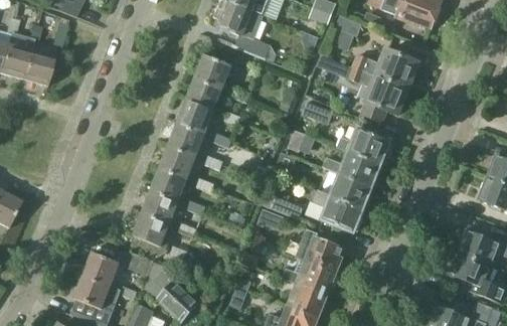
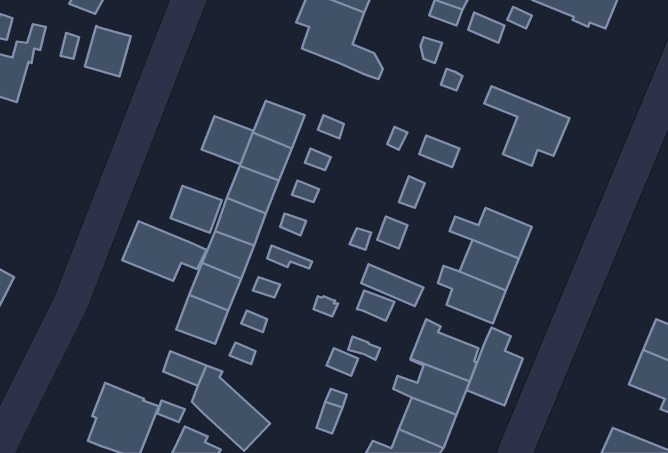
building: [352,48,417,89] -> none
building: [22,49,54,85] -> [85,26,131,77]
building: [195,53,231,87] -> [201,116,253,164]
building: [336,127,389,164] -> none
building: none -> [171,186,222,233]
building: none -> [122,221,206,281]
building: none -> [466,327,523,405]
building: [83,251,120,284] -> none

